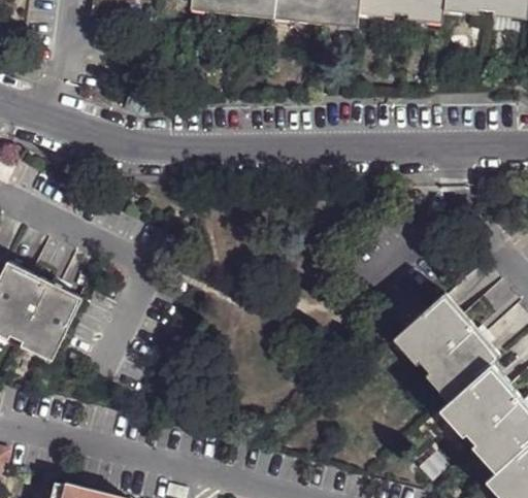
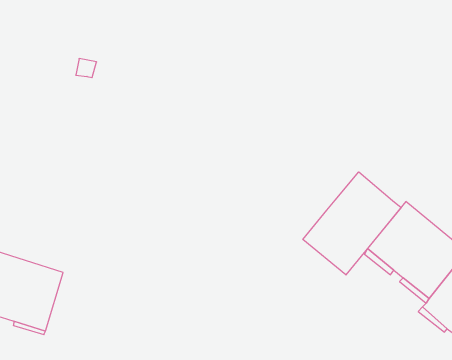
building: none -> [303,172,401,275]

